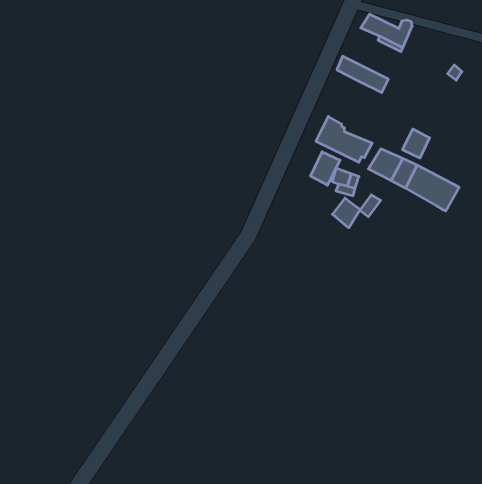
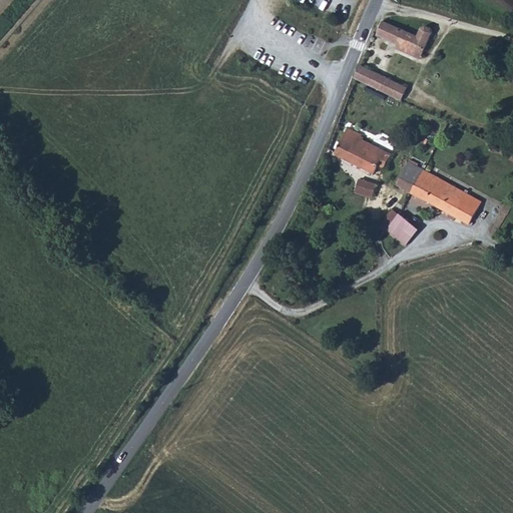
building: [403,129,430,158] -> none
building: [311,152,340,185] -> none
building: [332,198,360,228] -> [387,214,416,245]

